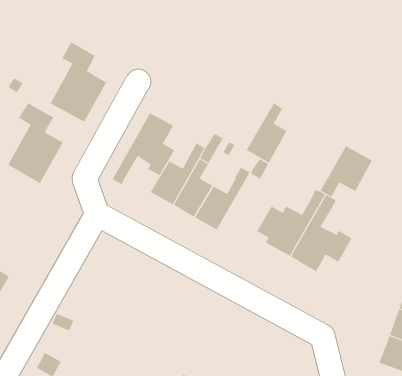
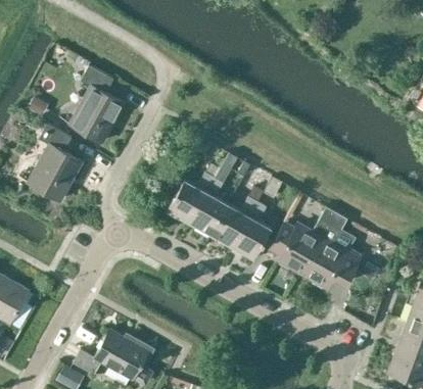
building: [246,102,287,164] -> [231,200,271,259]
building: [112,113,175,185] -> none
building: [320,146,372,197] -> none
building: none -> [74,329,153,383]

